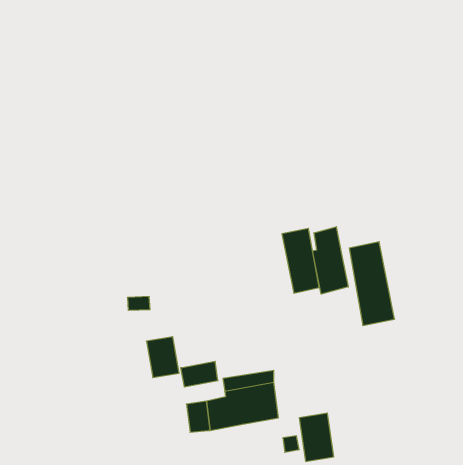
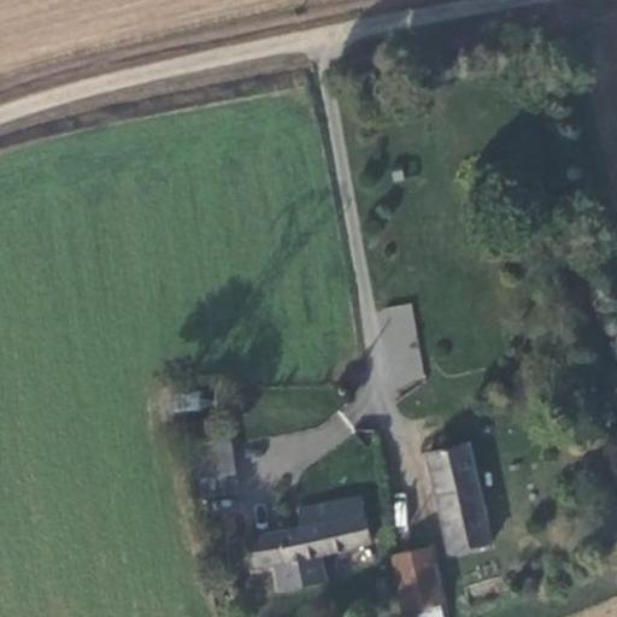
building: [313,227,348,294] -> none
building: [349,242,395,325] -> [429,445,489,556]
building: [181,361,218,387] -> [276,562,325,595]

